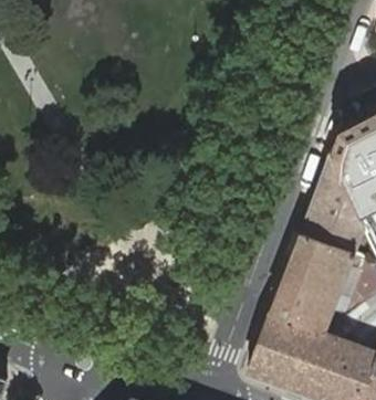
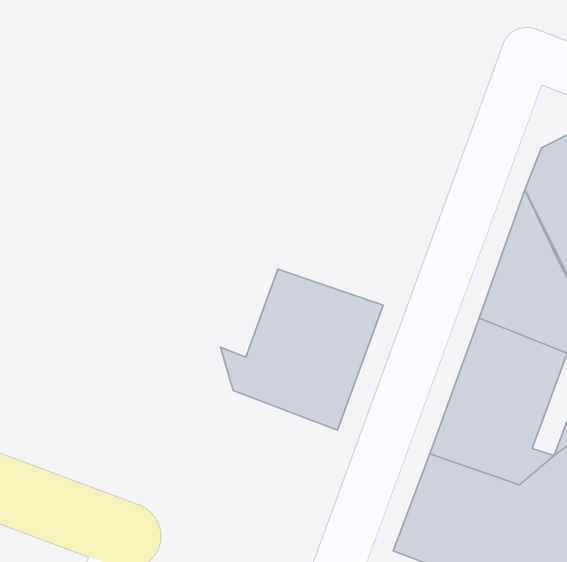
building: none -> [221,269,383,430]

